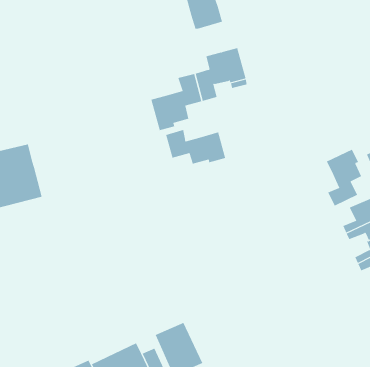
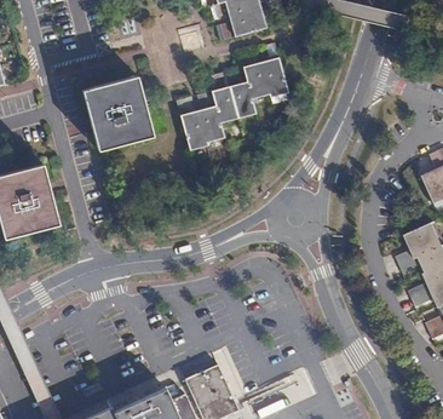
building: none -> [82,76,153,149]
building: [165,129,226,165] -> none
building: [326,149,362,206] -> none

